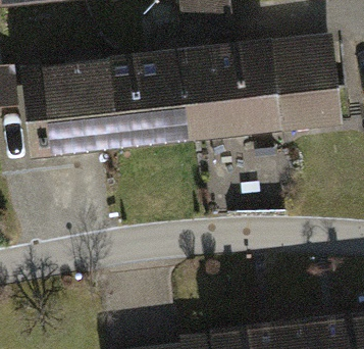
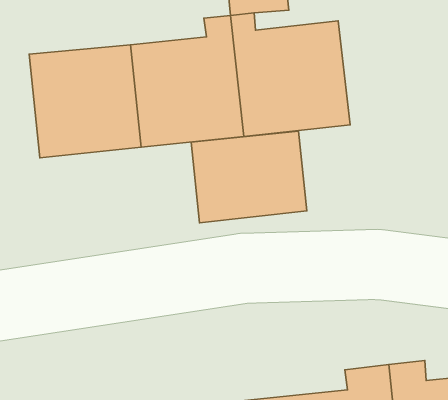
building: [268,41,337,127] -> none
building: none -> [191,131,307,223]

